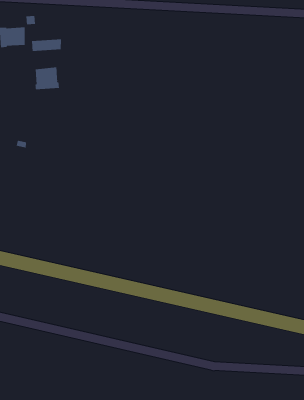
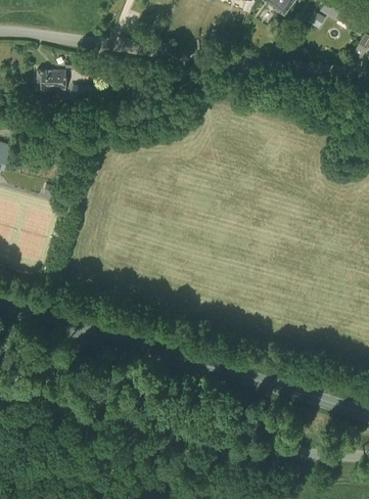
building: [35,67,59,90] -> none

